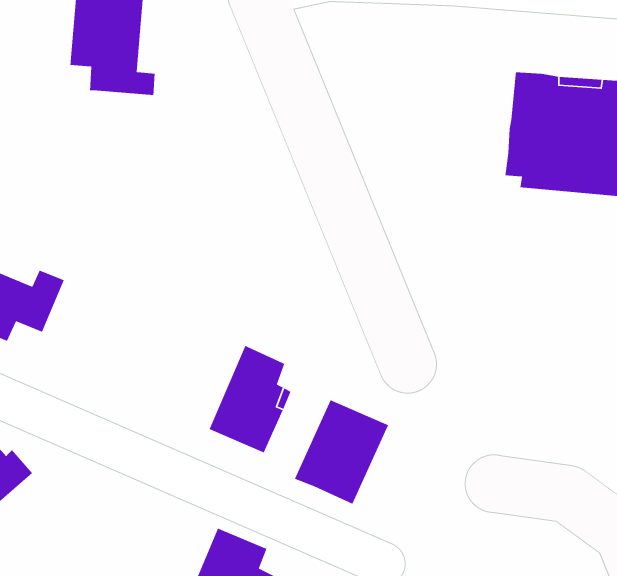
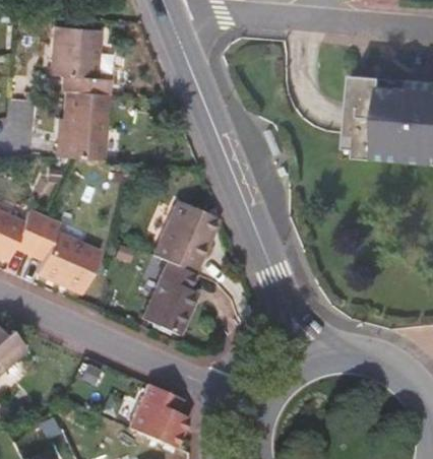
building: none -> [59,90,108,161]
building: none -> [33,217,102,291]
building: [294,399,389,505] -> [156,202,220,273]

